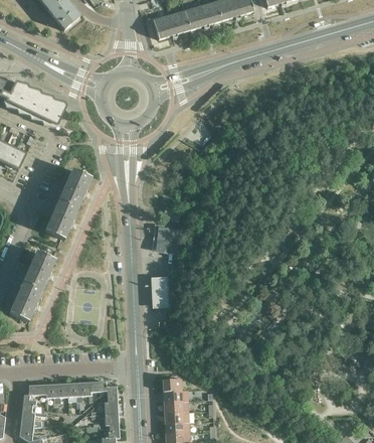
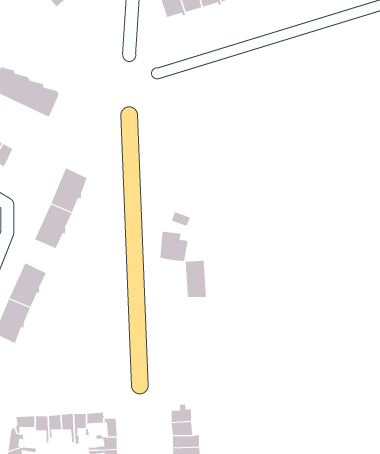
building: [150,274,169,306] -> [185,260,207,297]

